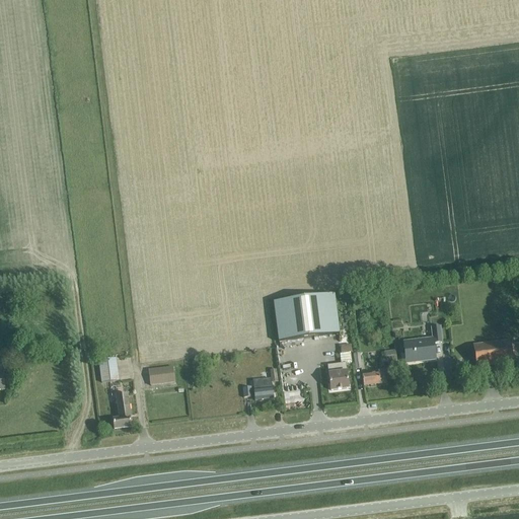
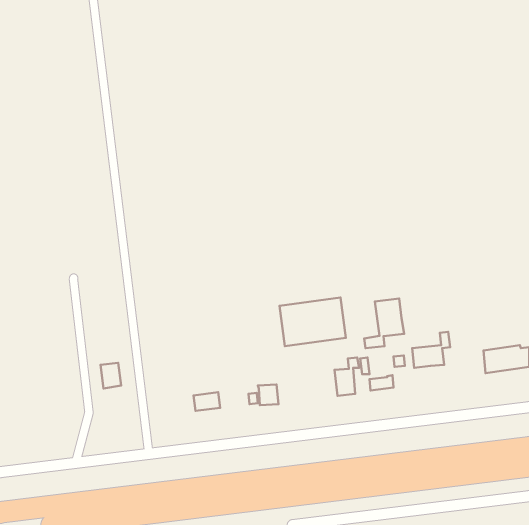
building: none -> [364,298,404,348]
building: [148,364,174,382] -> [193,392,220,411]
building: [114,391,130,427] -> none

